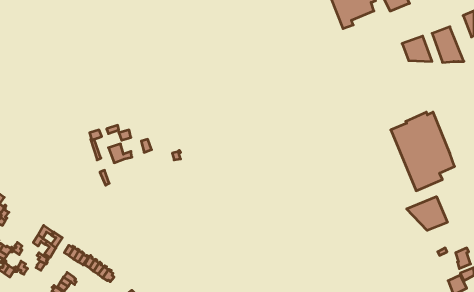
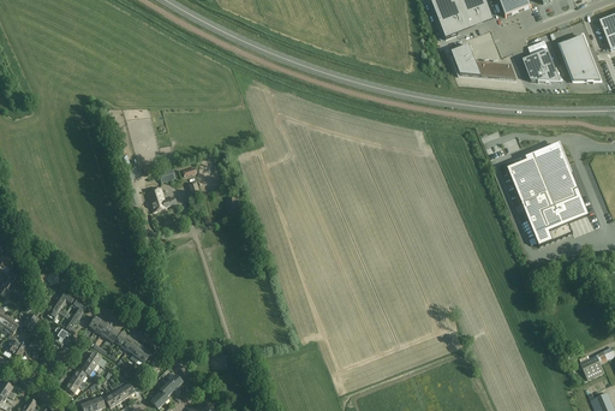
building: none -> [452,43,517,78]
building: [407,197,447,230] -> none

